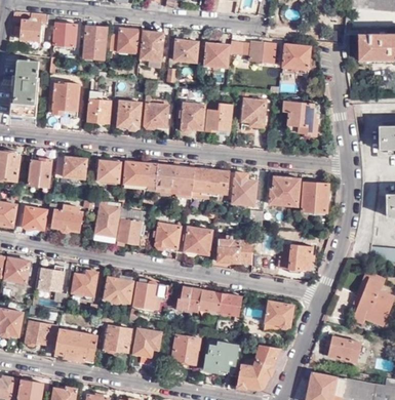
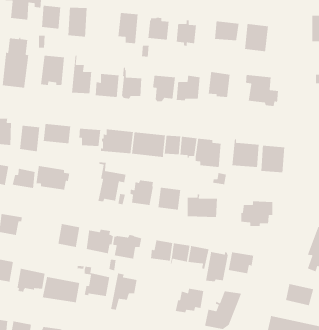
building: [109,28,140,52] -> none
building: [93,201,121,241] -> none
building: [39,266,65,291] -> none
building: [173,334,200,369] -> [205,251,229,282]

